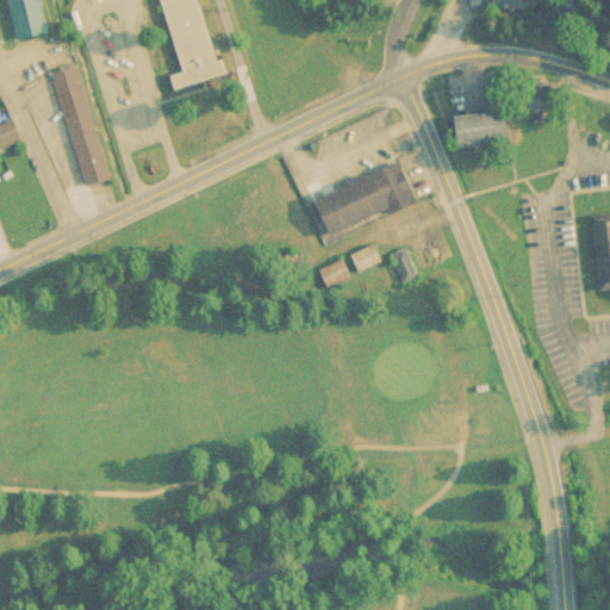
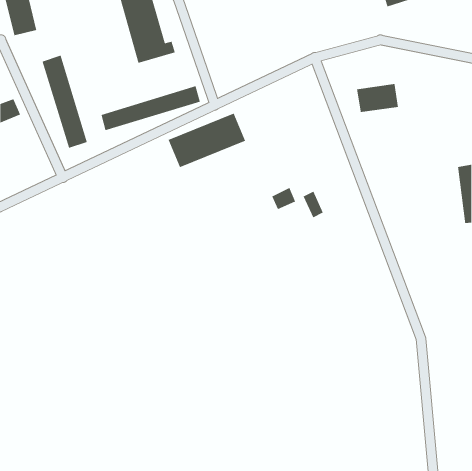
building: none -> [100,85,201,131]
building: [316,162,417,234] -> [167,113,246,168]
building: [319,256,351,285] -> none

